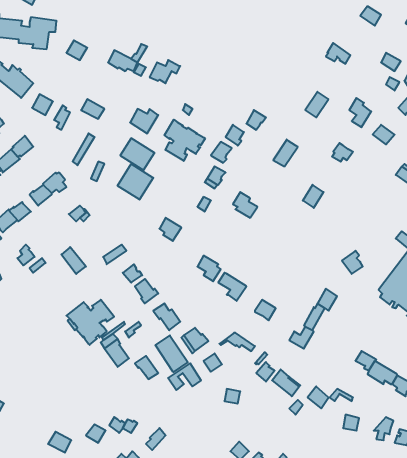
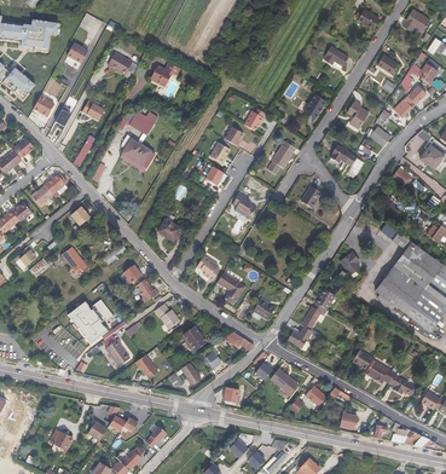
building: [164,120,205,161] -> none
building: [118,164,153,200] -> none
building: [155,335,188,372] -> none

